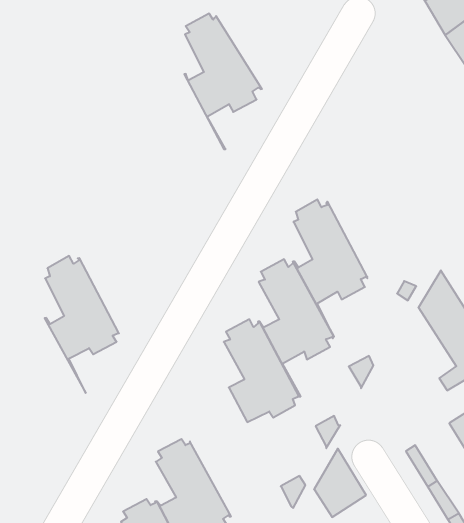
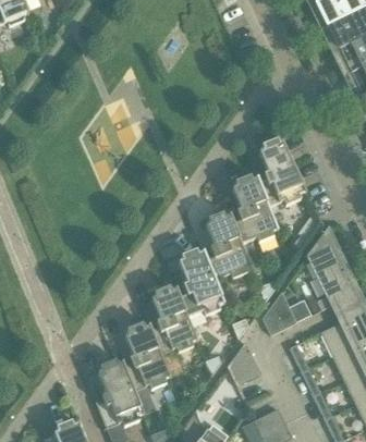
building: [184,14,262,149] -> [256,137,306,228]
building: [45,256,119,393] -> [148,284,196,376]
building: none -> [263,290,295,333]

